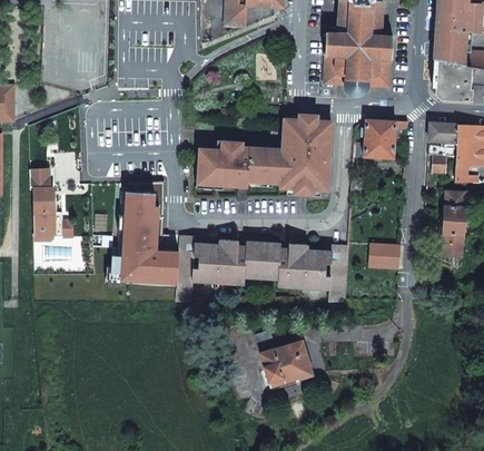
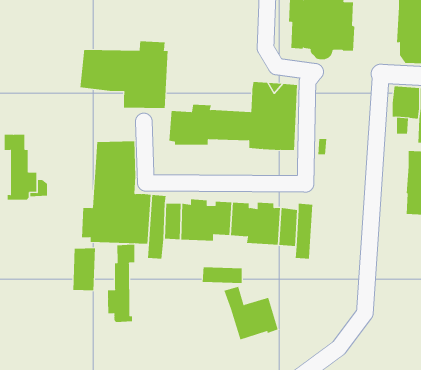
building: none -> [80,40,168,109]
building: [355,119,395,159] -> none
building: [369,244,401,268] -> none
building: none -> [107,244,135,323]
building: none -> [73,248,96,291]
building: none -> [202,267,242,284]

